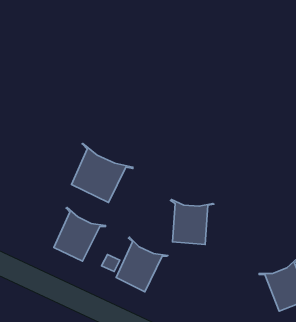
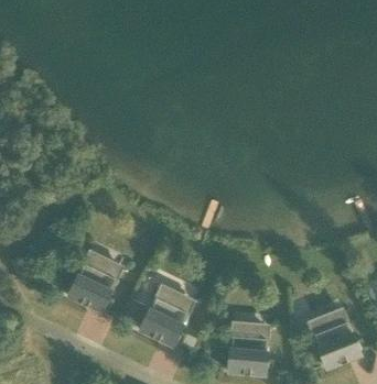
building: [71,143,133,202] -> none
building: [171,200,214,245] -> [226,318,276,370]

